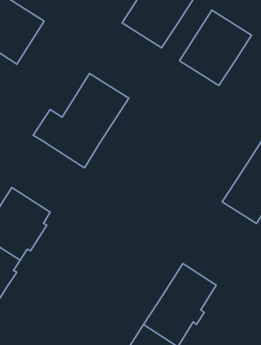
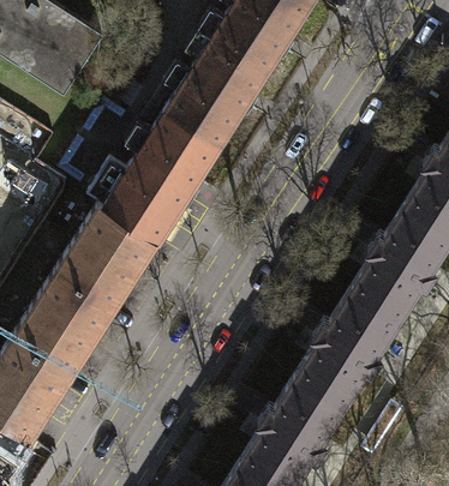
building: [179,10,251,86] -> [168,34,269,139]
building: none -> [59,198,155,299]
building: none -> [299,284,402,401]

